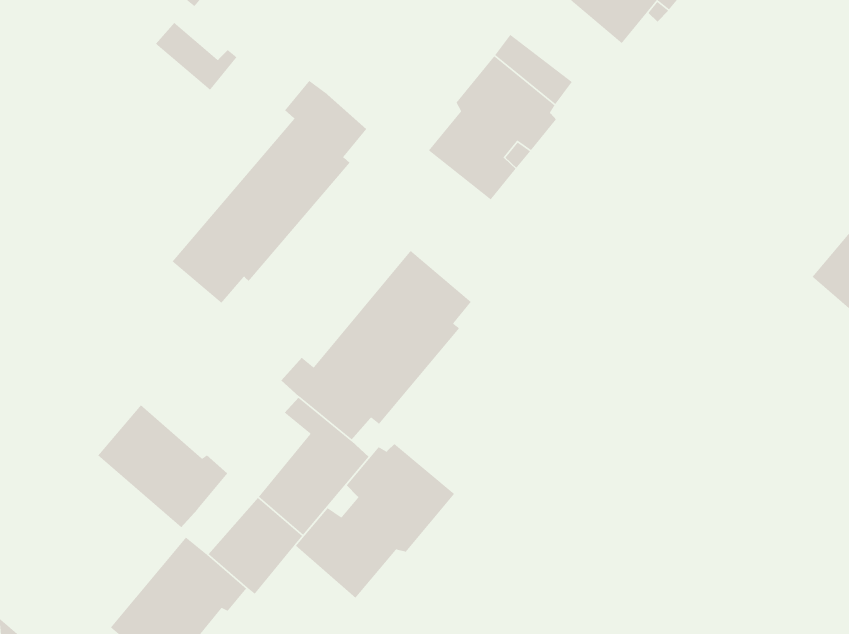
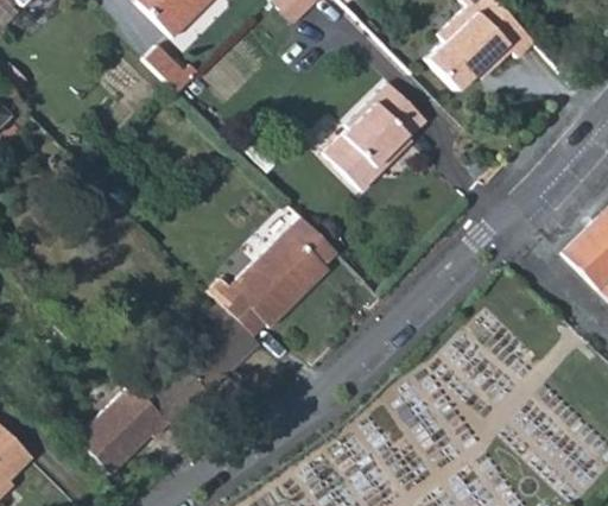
building: [171,80,367,304] -> none
building: [97,404,228,528] -> none
building: [295,443,455,599] -> none

